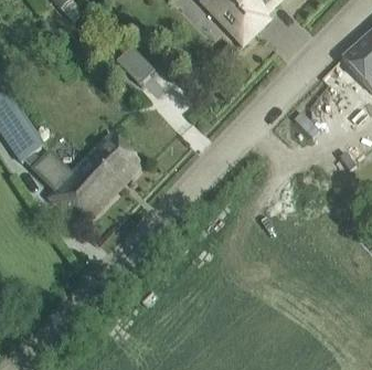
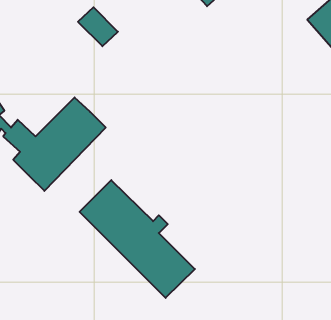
building: none -> [80,180,195,298]

